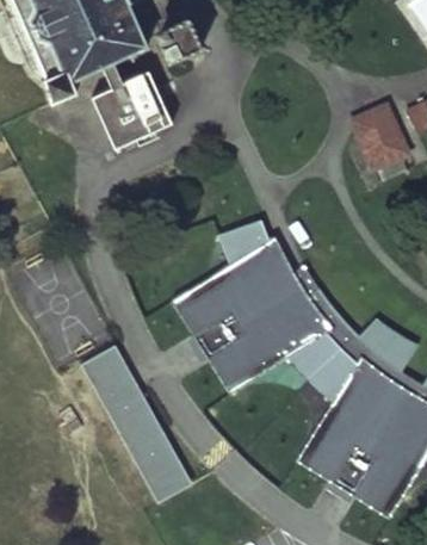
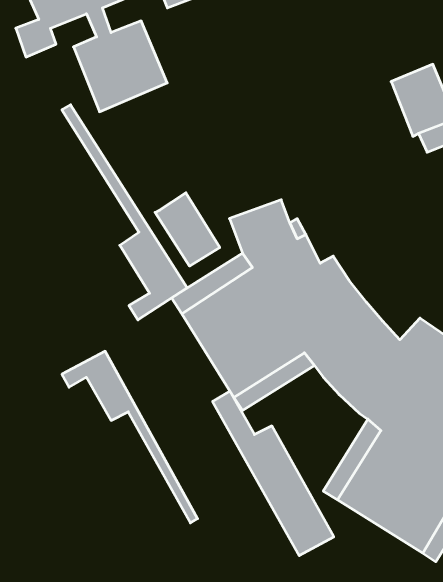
building: none -> [62,105,187,320]
building: none -> [155,193,220,266]
building: [86,366,186,502] -> [213,391,334,556]

